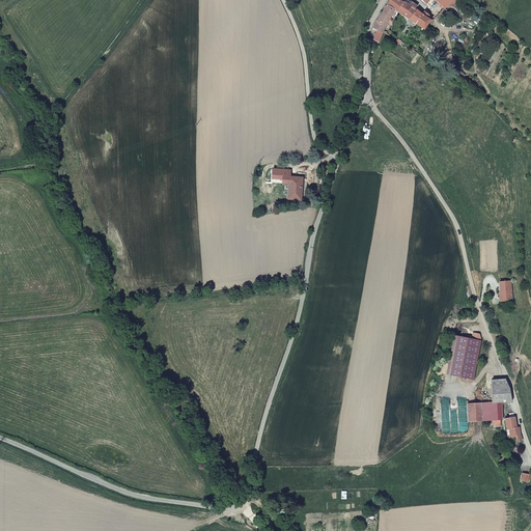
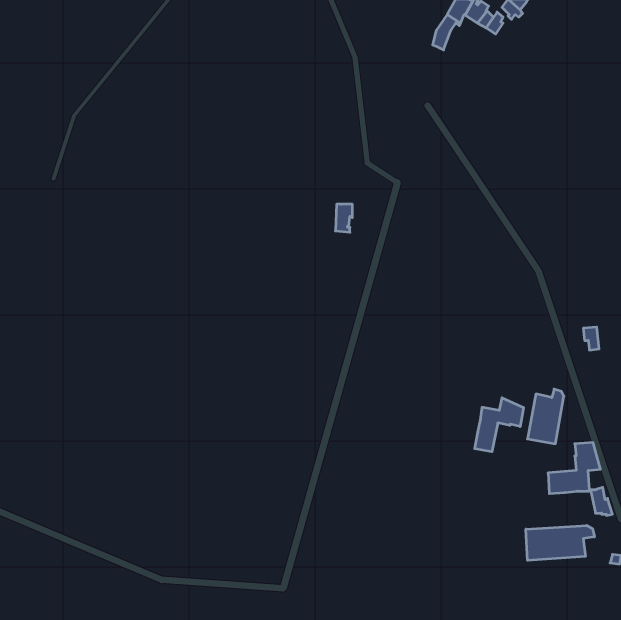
building: none -> [475,398,524,452]
building: none -> [526,525,594,560]

